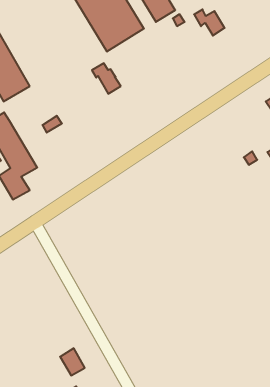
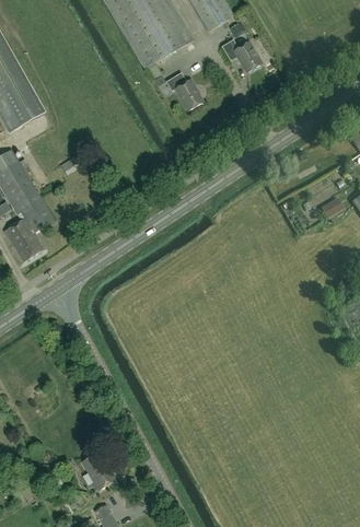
building: [194,9,225,36] -> [222,38,262,72]
building: [92,63,121,94] -> [166,71,204,110]

